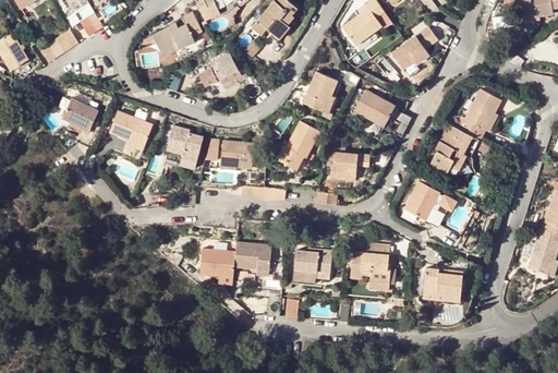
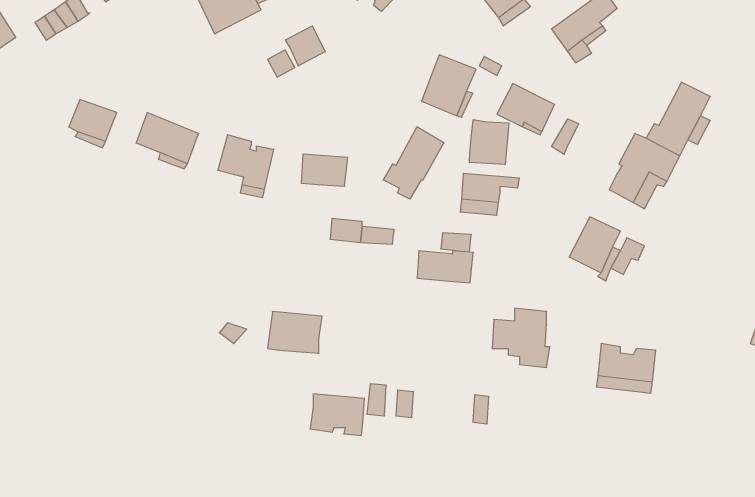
building: none -> [469,120,509,165]
building: [233,240,270,268] -> [310,394,365,435]
building: [293,251,331,273] -> [417,251,473,283]

